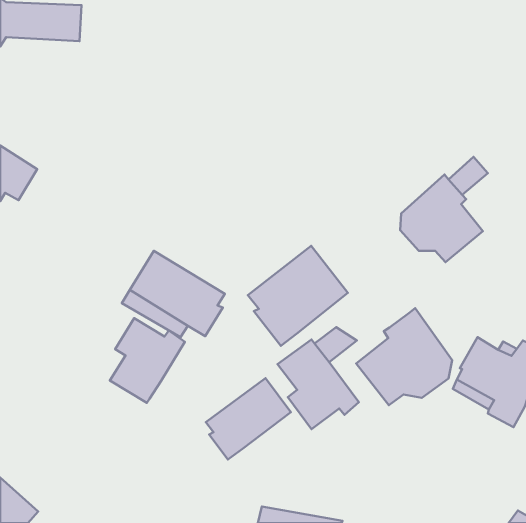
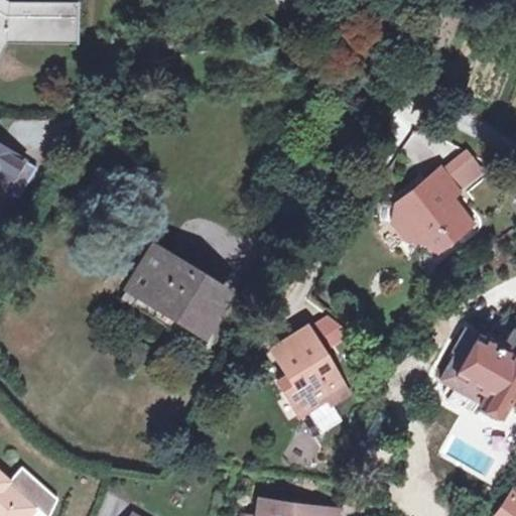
building: [248,246,348,346] -> none
building: [356,308,452,405] -> none
building: [110,318,185,403] -> none
building: [206,378,291,460] -> none

